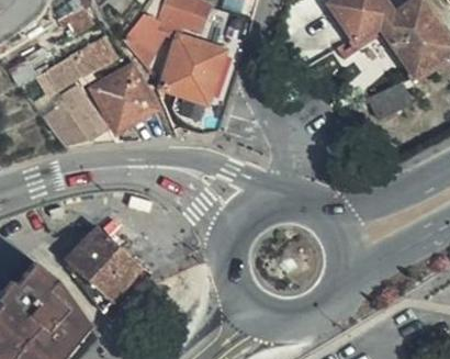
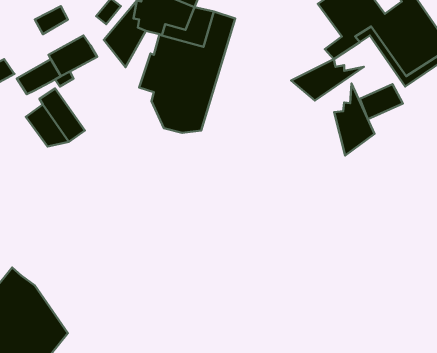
building: none -> [291,59,364,100]
building: [92,65,156,131] -> none
building: none -> [334,83,374,156]
building: [64,225,139,310] -> none

